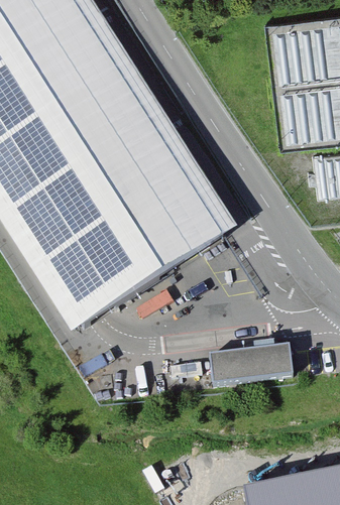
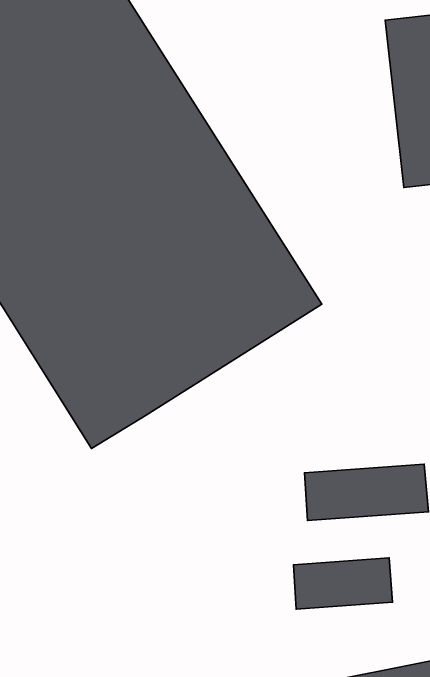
building: none -> [294,558,393,609]

